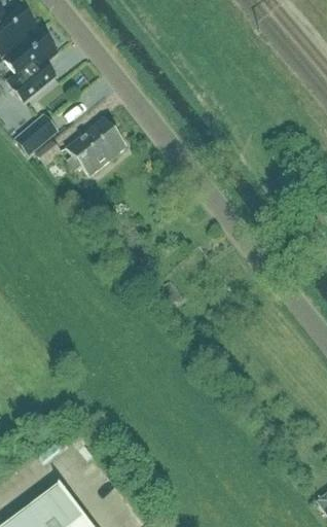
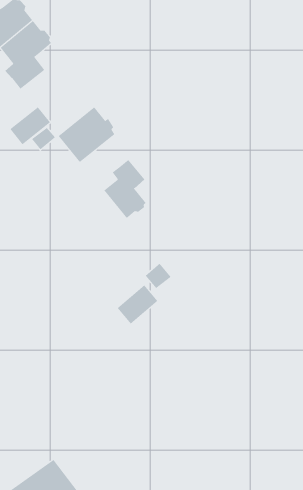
building: none -> [104,159,146,219]
building: none -> [117,284,158,325]

